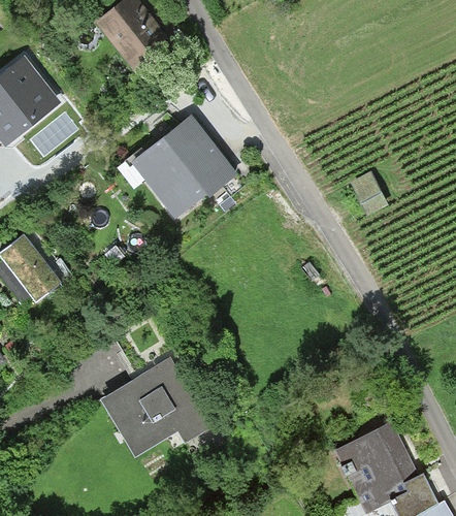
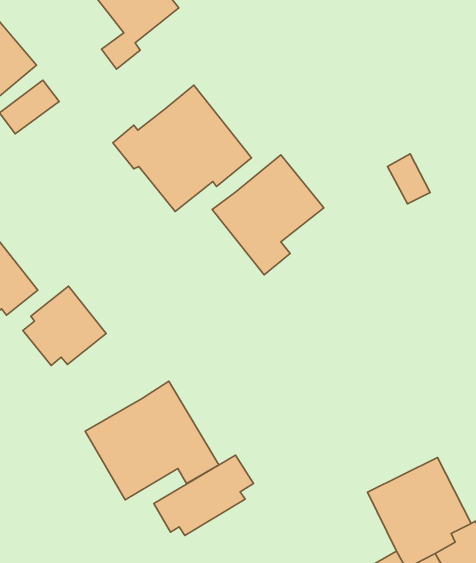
building: none -> [212,155,324,275]
building: none -> [23,286,106,366]
building: none -> [154,455,253,536]

